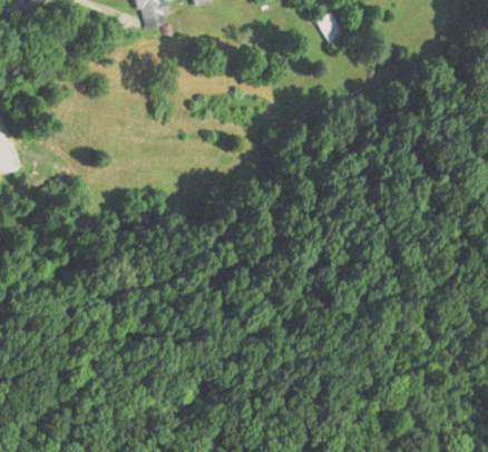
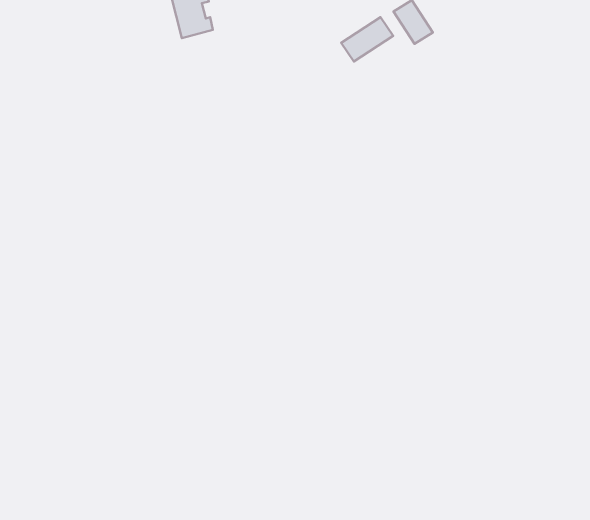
building: none -> [341,17,393,61]

